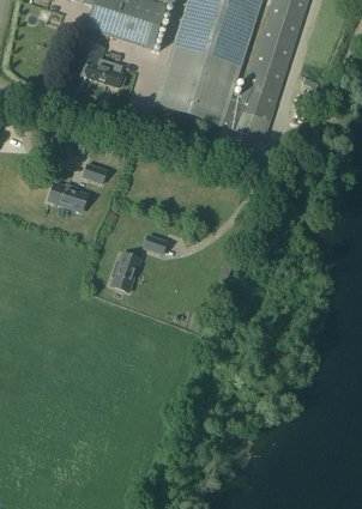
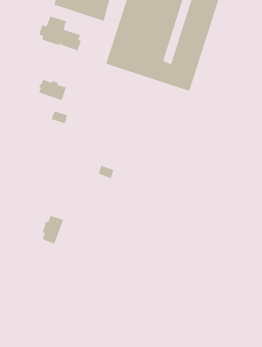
building: [50,181,88,210] -> [38,79,67,101]
building: [113,252,141,290] -> [42,215,64,244]

